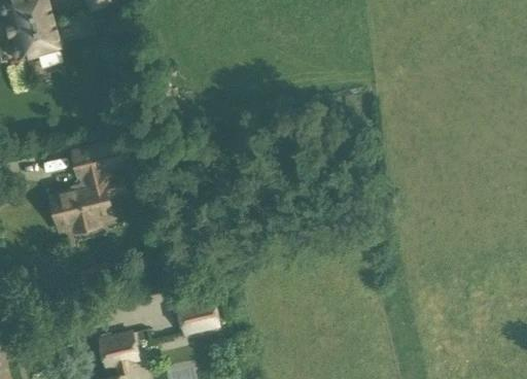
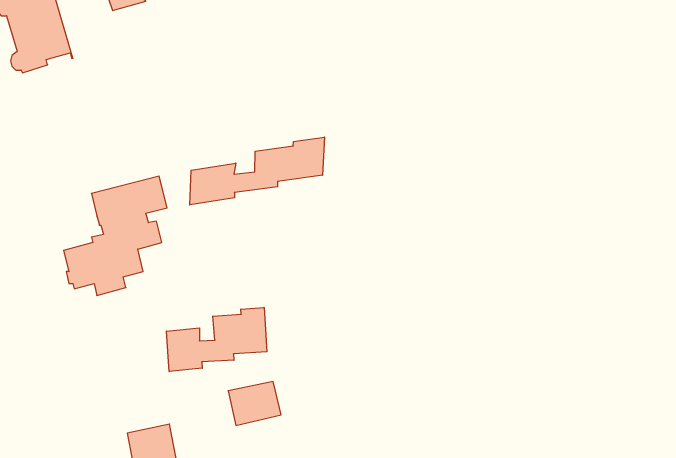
building: none -> [190,137,325,205]
building: none -> [166,307,267,372]

